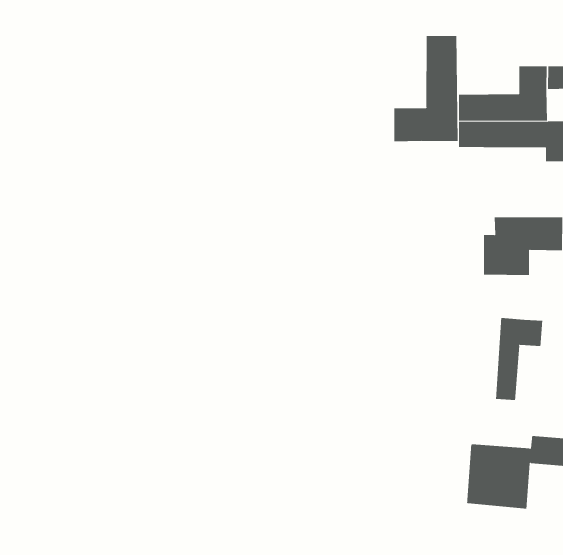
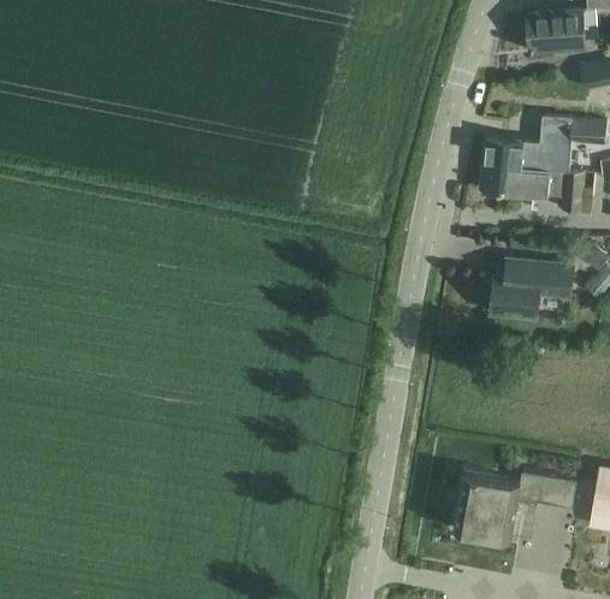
building: [394,35,458,142] -> none
building: [496,317,543,401] -> none

